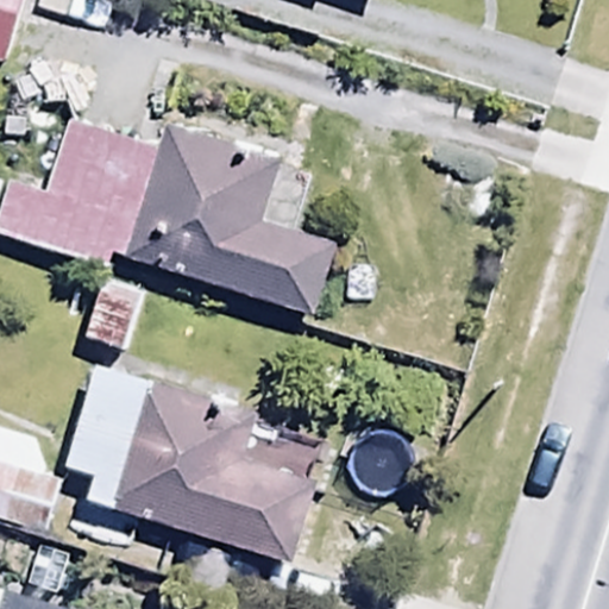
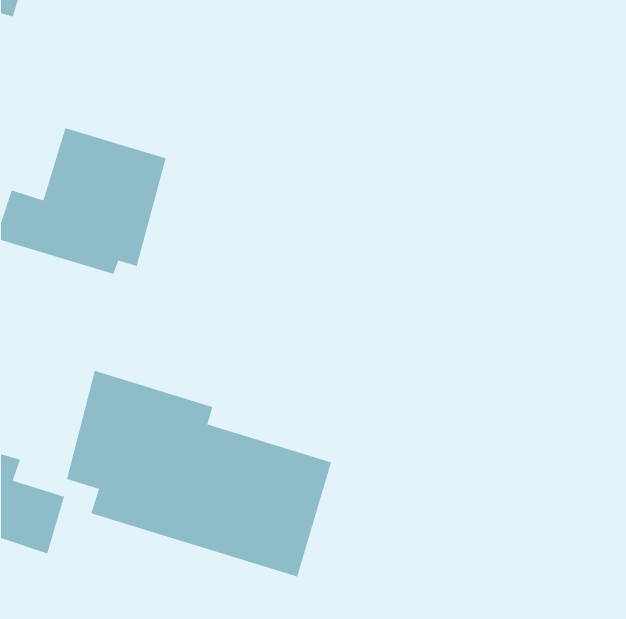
building: [133,120,339,315] -> none

